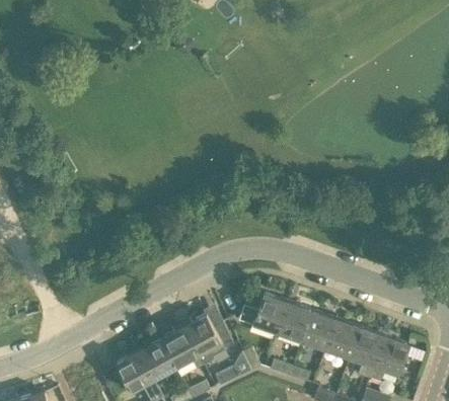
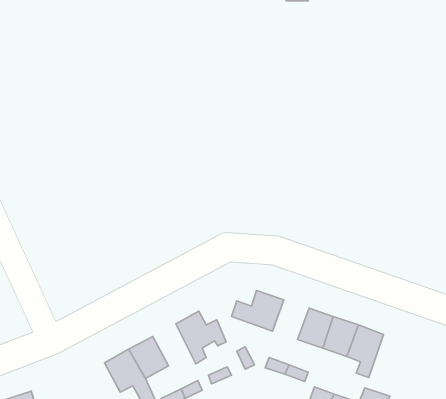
building: [277,302,312,340] -> none
building: [161,325,203,368] -> none
building: [370,335,407,381] -> none

